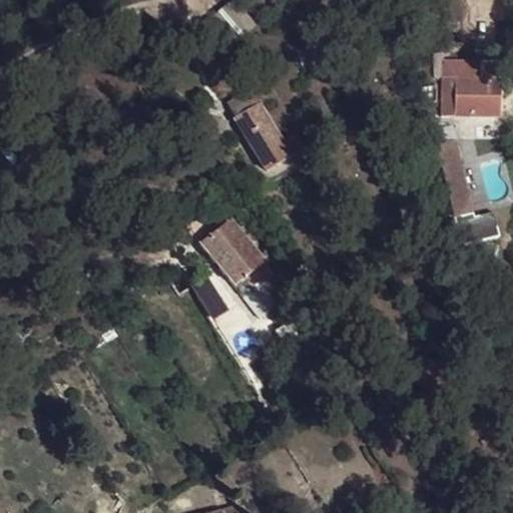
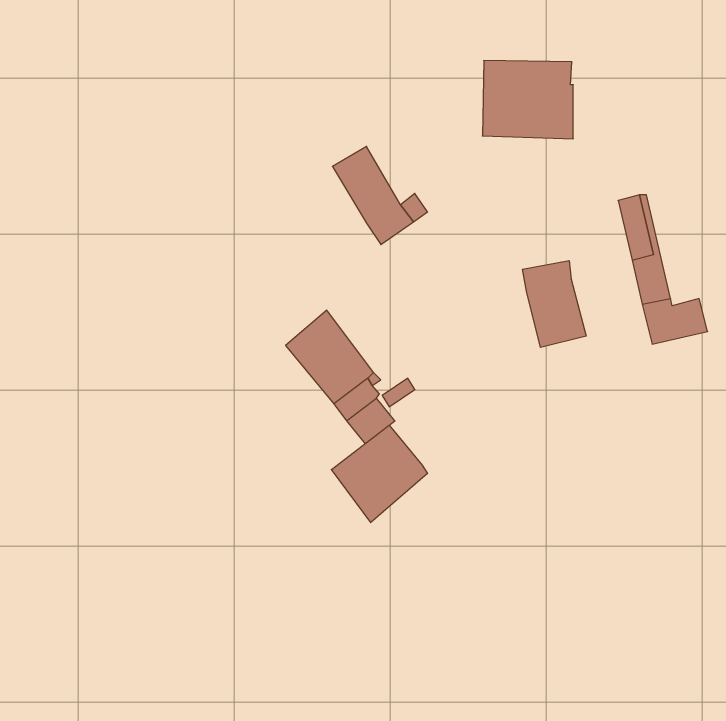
building: [439,59,503,114] -> [482,61,573,139]
building: none -> [522,261,586,347]
building: none -> [331,425,428,523]

